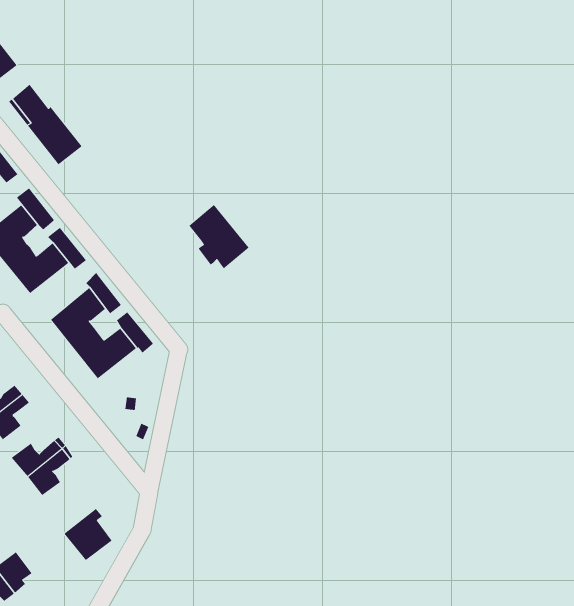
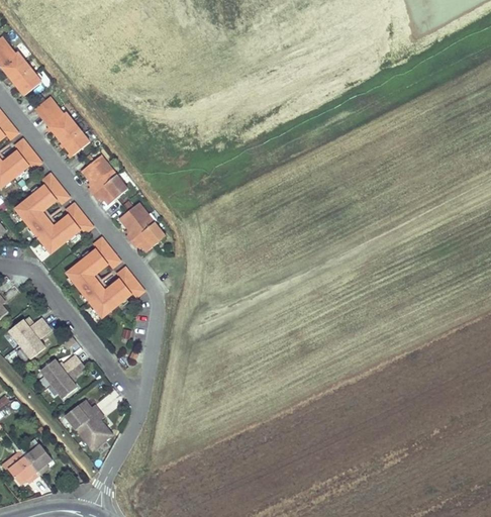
building: none -> [82,154,127,204]
building: [188,204,249,269] -> [119,201,165,249]
building: none -> [61,395,100,430]

